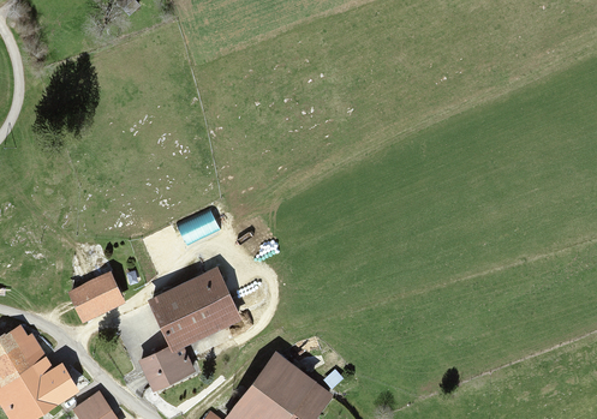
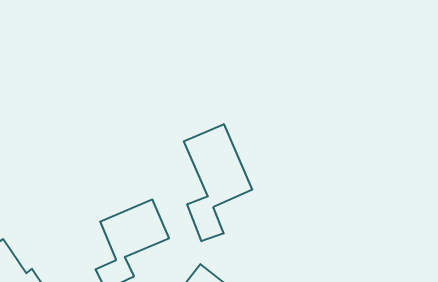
building: none -> [184,124,252,241]
building: [68,274,120,319] -> none

